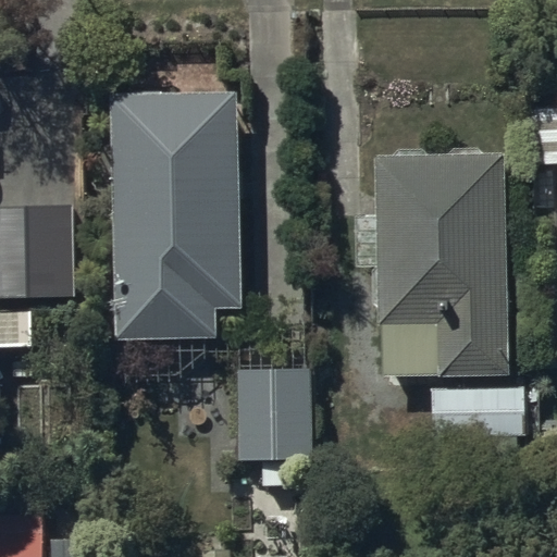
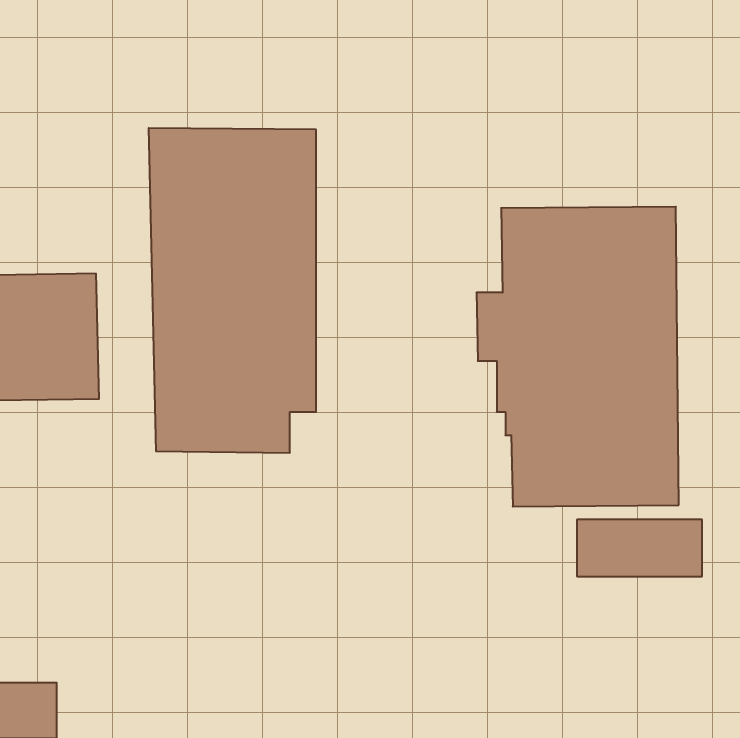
building: [238,357,311,461] -> none

